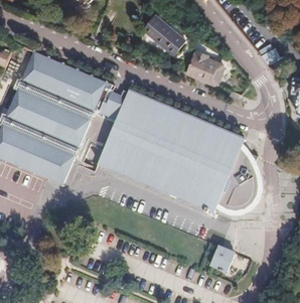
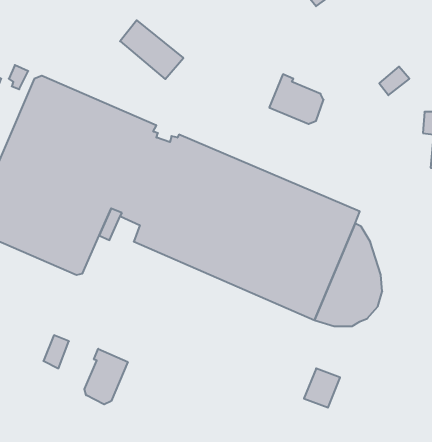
building: [144,15,186,54] -> [120,20,183,79]
building: none -> [84,349,128,404]

